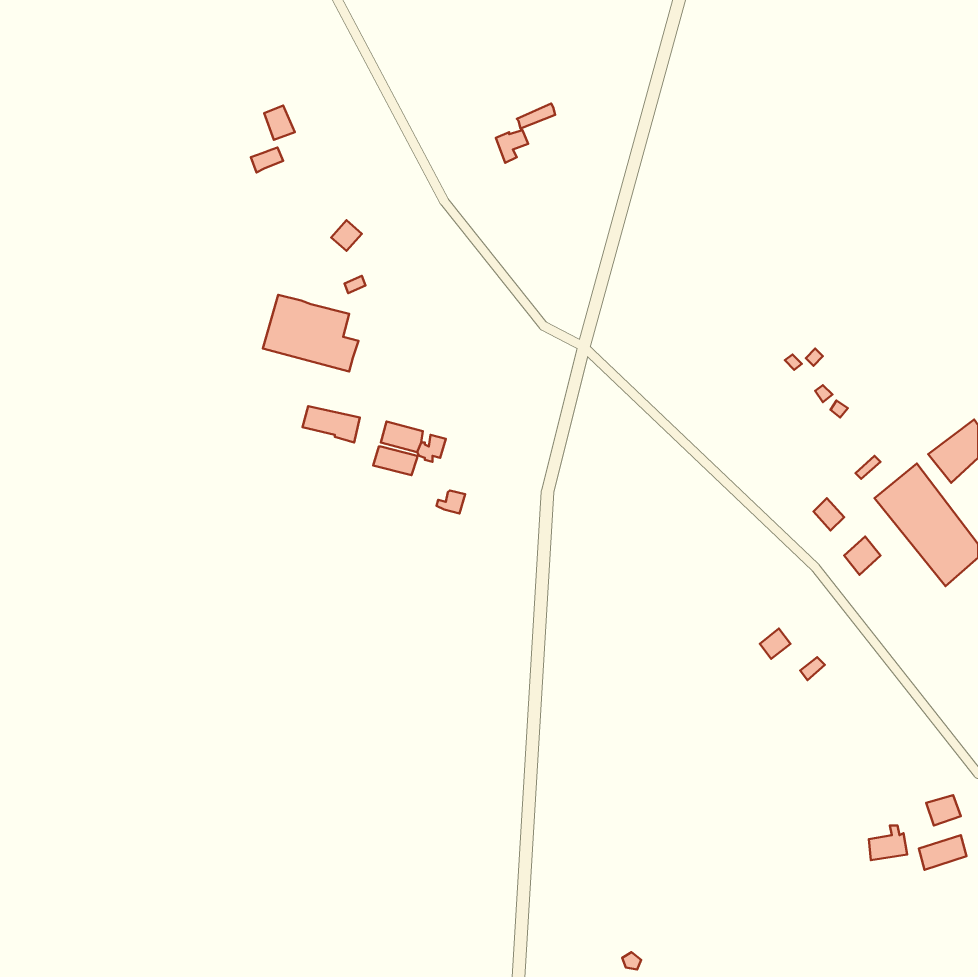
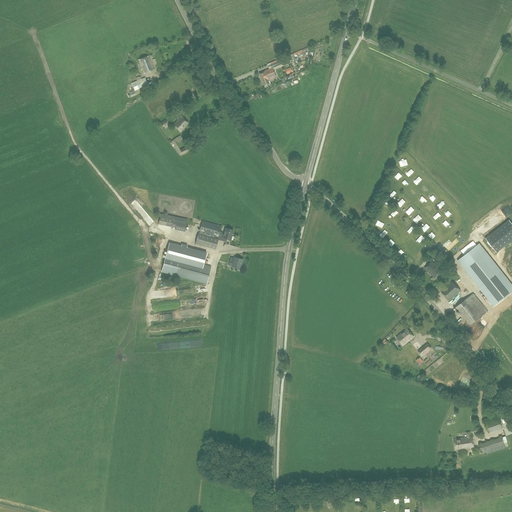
building: [263,295,359,371] -> [161,242,211,282]
building: none -> [455,292,487,324]

